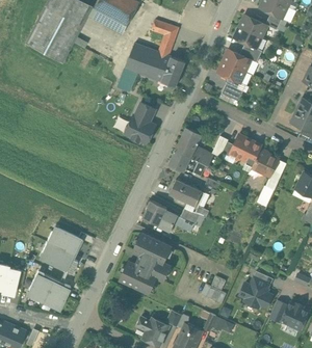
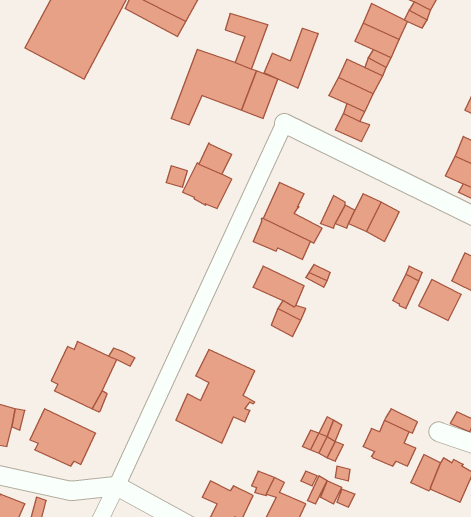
building: none -> [264,28,318,88]
building: [252,151,279,177] -> [419,280,461,321]
building: [144,202,178,232] -> none

